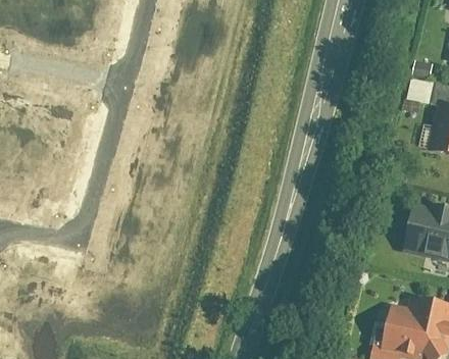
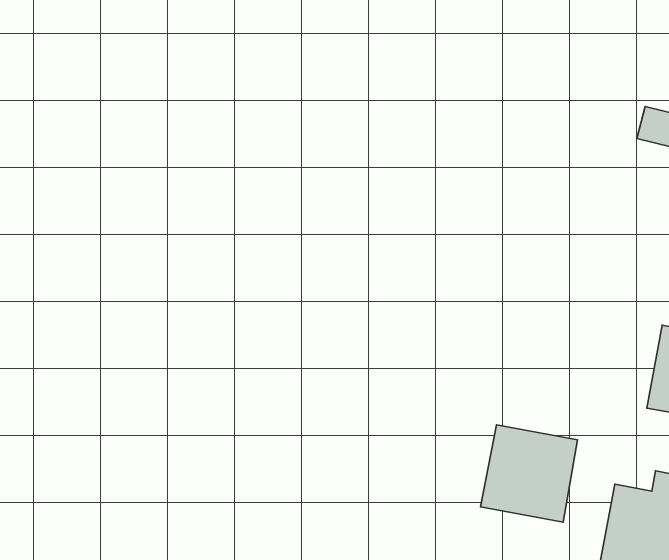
building: none -> [480,425,578,522]

